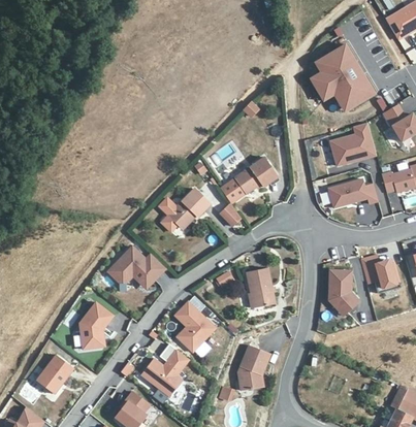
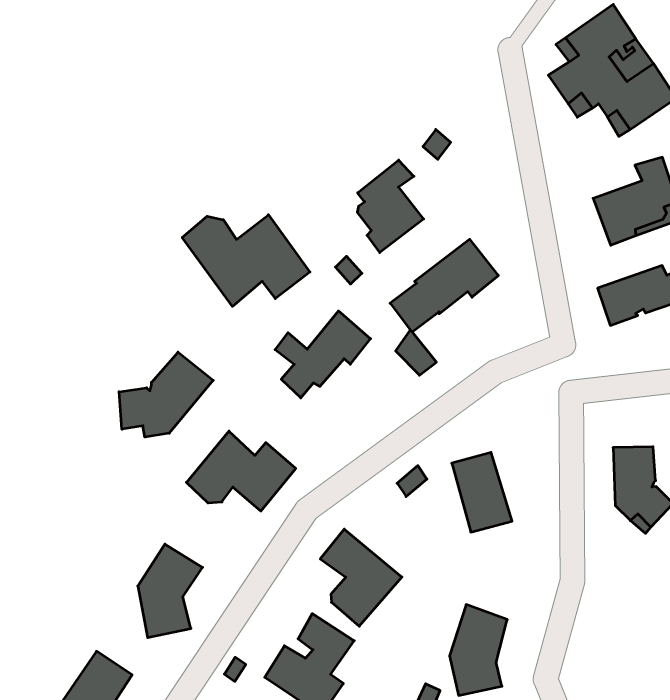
building: none -> [357,160,424,253]
building: none -> [182,215,310,306]
building: none -> [119,352,213,437]

